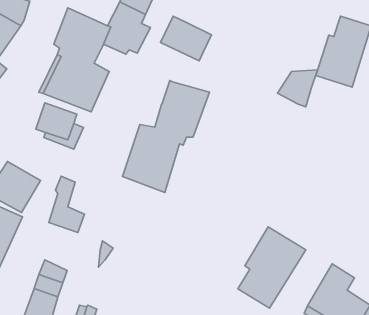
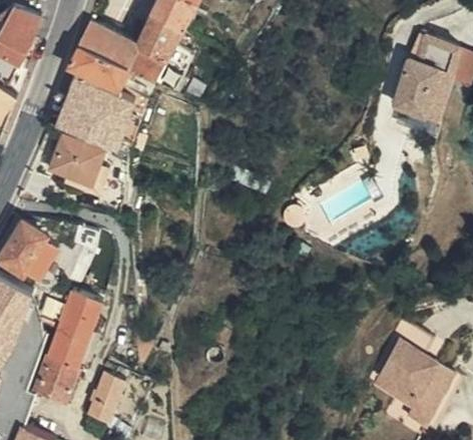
building: [160,16,211,61] -> none
building: [277,70,318,107] -> none
building: [123,80,210,192] -> none
building: [238,227,306,308] -> none
building: none -> [60,298,98,342]

